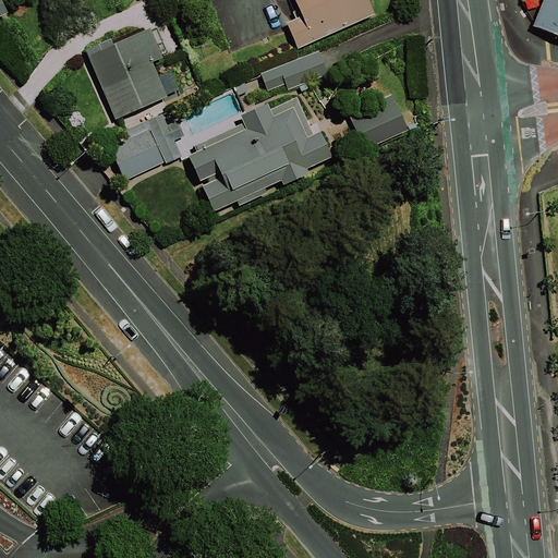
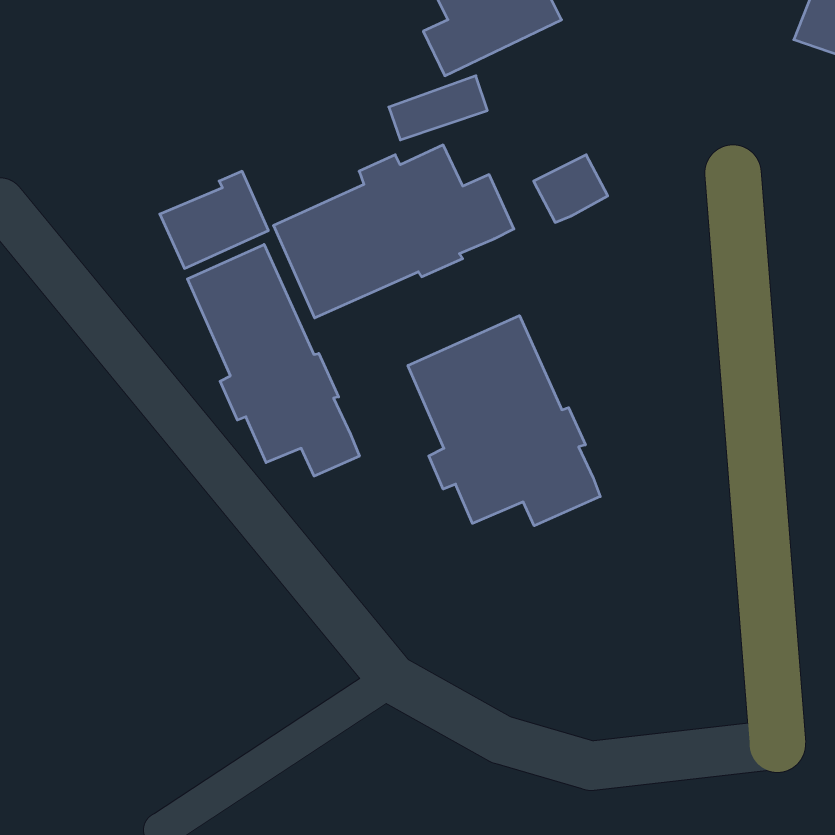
building: [88,27,168,118] -> none
building: none -> [187,244,359,476]
building: none -> [408,316,600,526]

